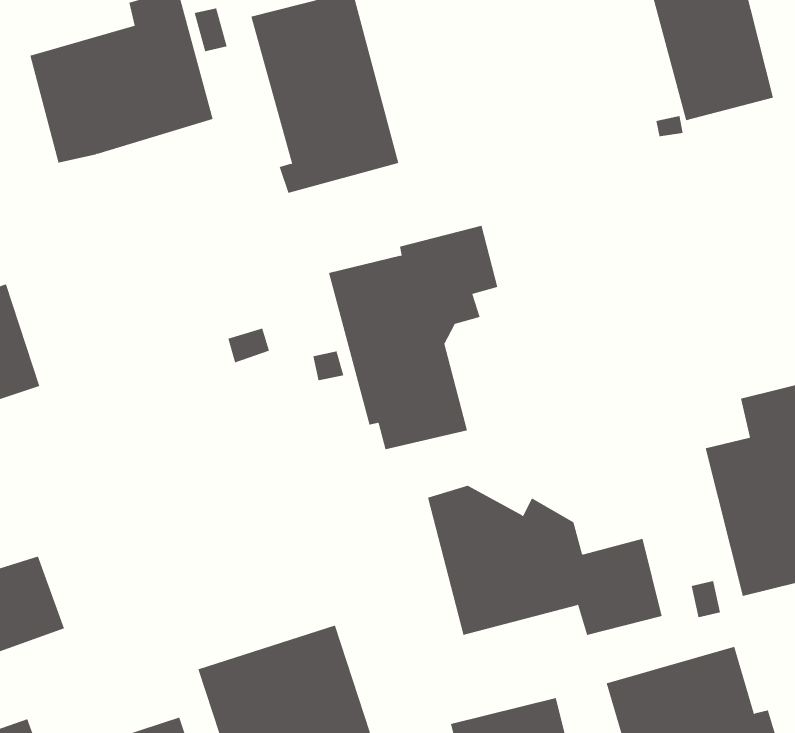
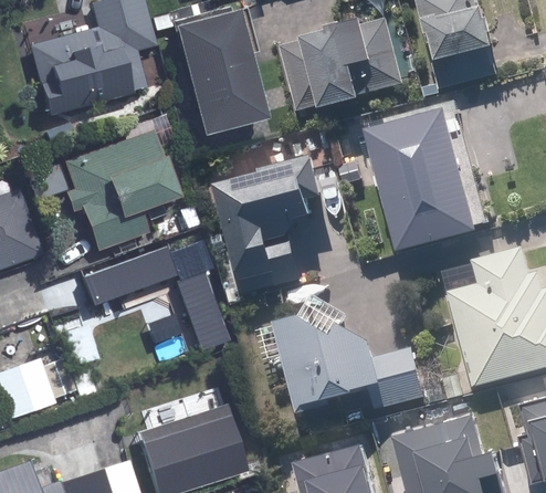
building: none -> [283,18,403,111]
building: none -> [369,103,480,245]
building: none -> [65,132,174,250]
building: none -> [83,246,178,307]
building: none -> [177,272,232,353]

